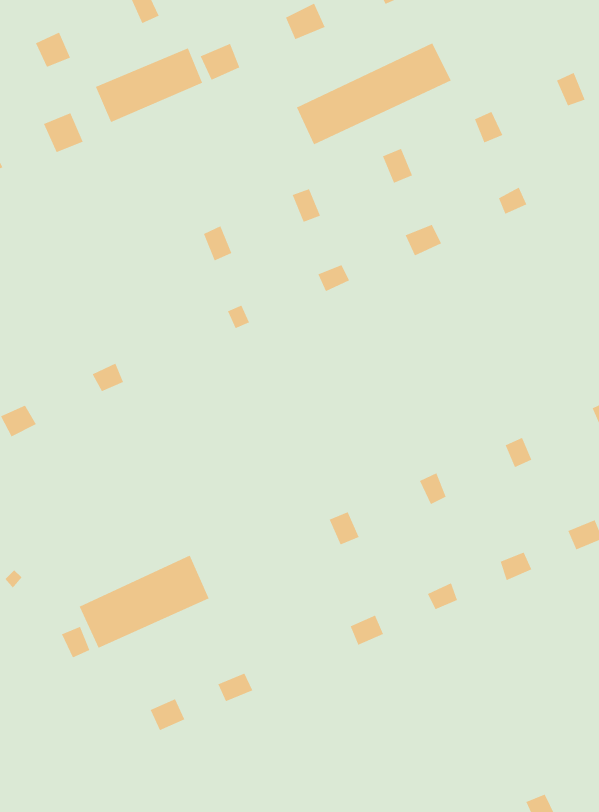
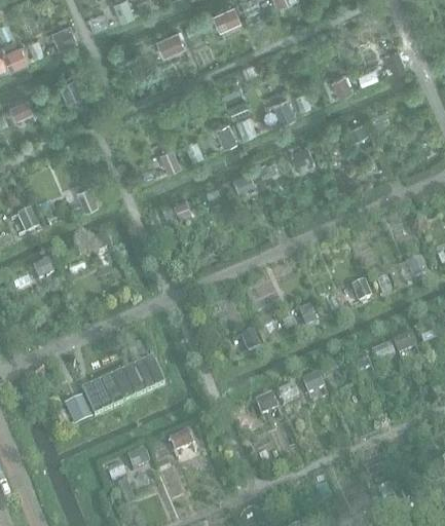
building: [296,42,452,145] -> none
building: [95,48,203,123] -> none

